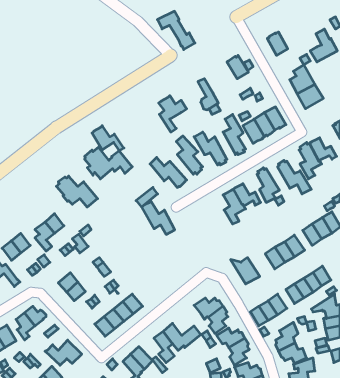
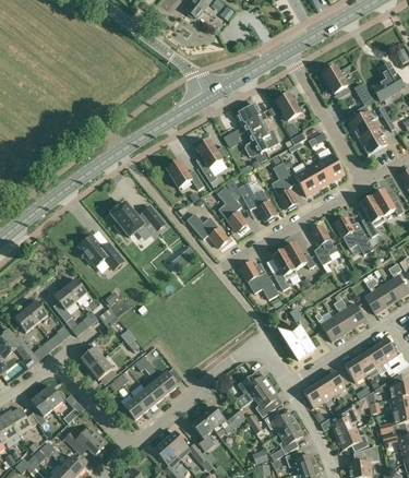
building: [157,11,195,50] -> [236,104,279,148]
building: [92,126,124,151] -> [167,159,204,189]
building: [142,202,175,234] -> [240,261,278,299]

